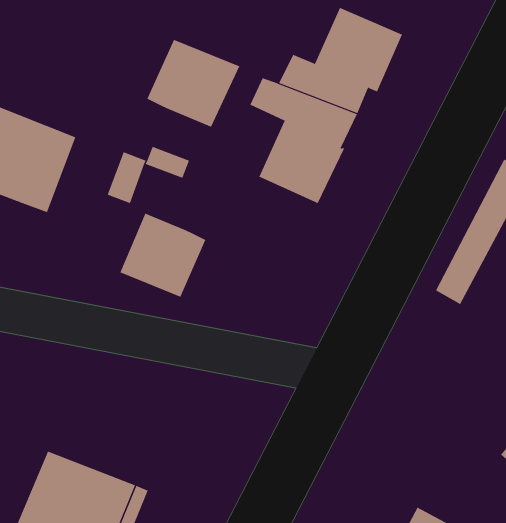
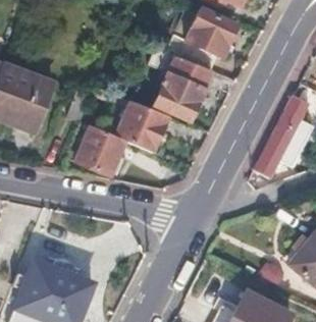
building: [146,39,240,128] -> [115,104,168,154]

